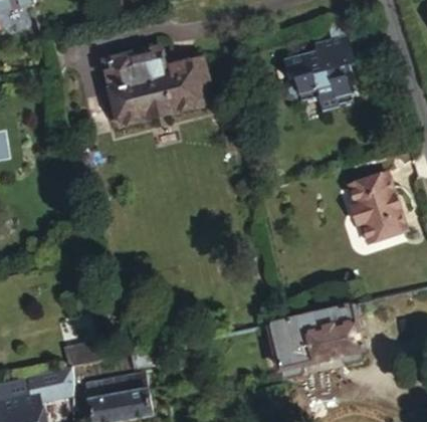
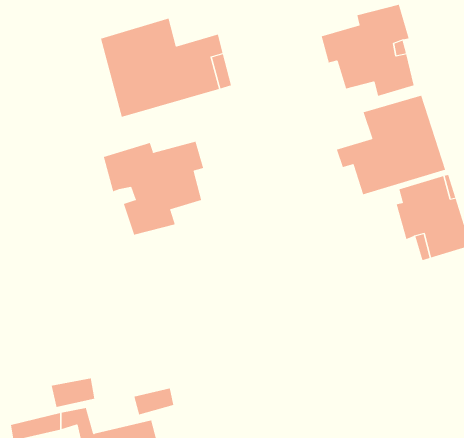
building: none -> [336,95,446,195]
building: none -> [103,141,204,236]
building: [268,303,361,375] -> none

